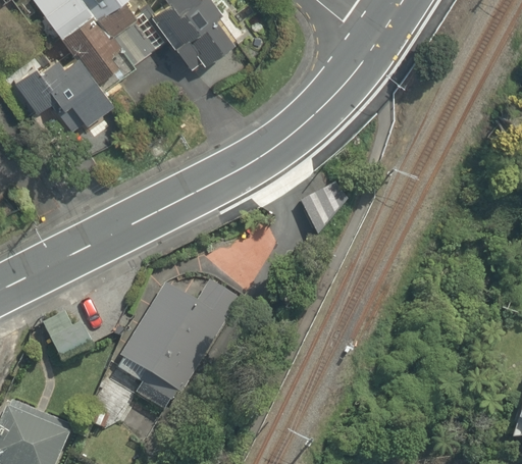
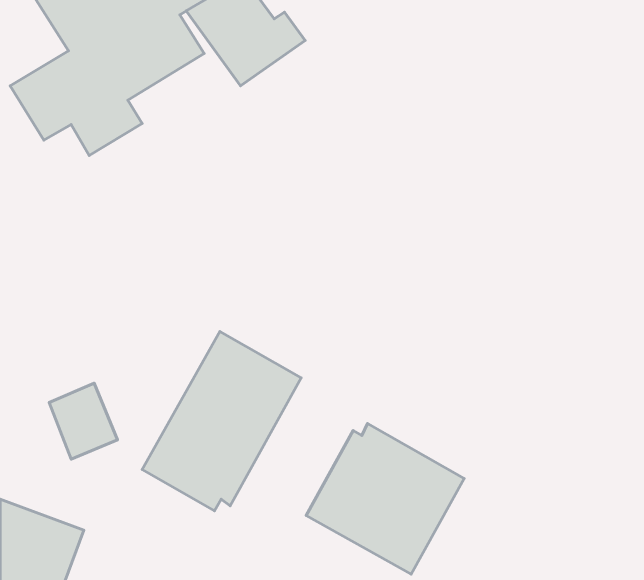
building: none -> [306,424,464,574]

